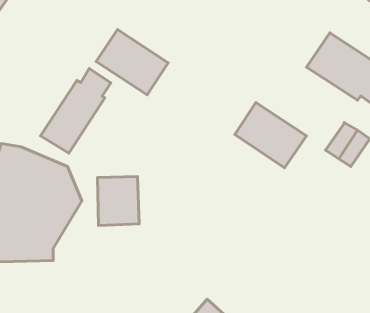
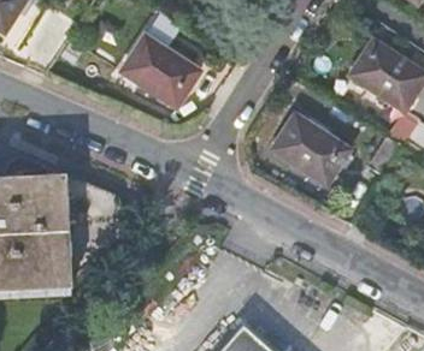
building: [41,68,111,153] -> none
building: [97,176,139,225] -> none

